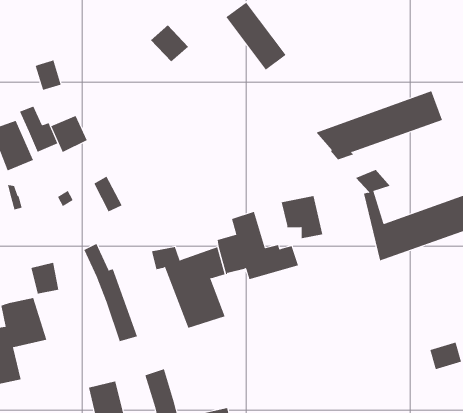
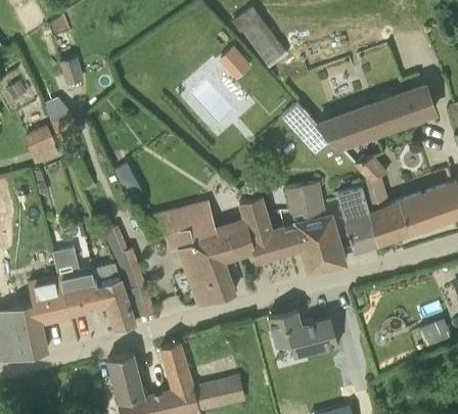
building: [150,25,189,62] -> [220,44,256,79]
building: none -> [281,103,332,156]
building: [51,115,88,153] -> none
building: none -> [337,181,377,250]
building: none -> [143,203,228,242]
building: none -> [291,213,346,274]
building: none -> [58,264,136,330]
building: none -> [269,311,338,361]

